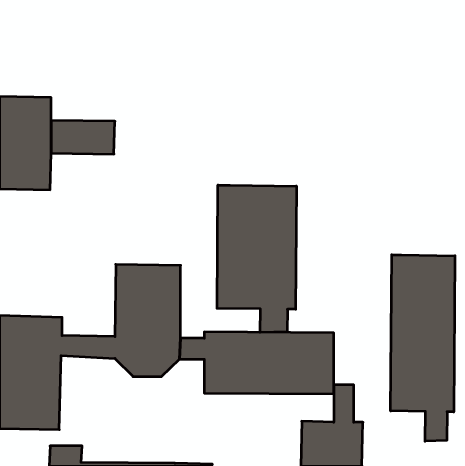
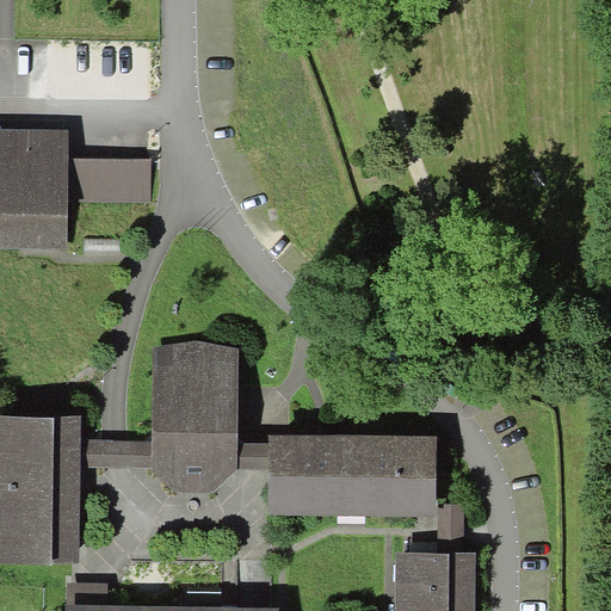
building: [217,185,296,332] -> none
building: [391,255,455,441] -> none

